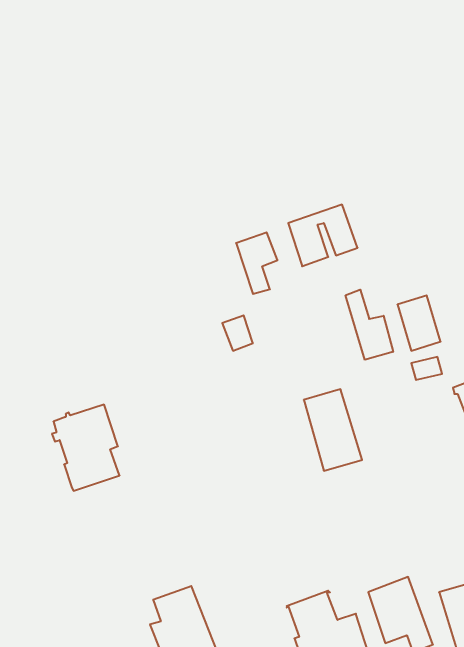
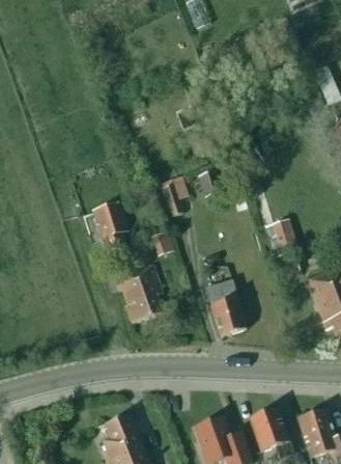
building: none -> [93,202,127,250]
building: [346,290,393,360] -> none
building: [52,405,120,491] -> [117,264,163,322]

